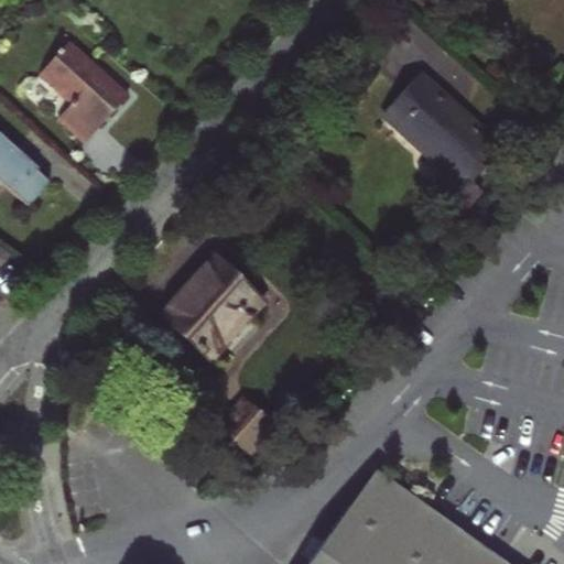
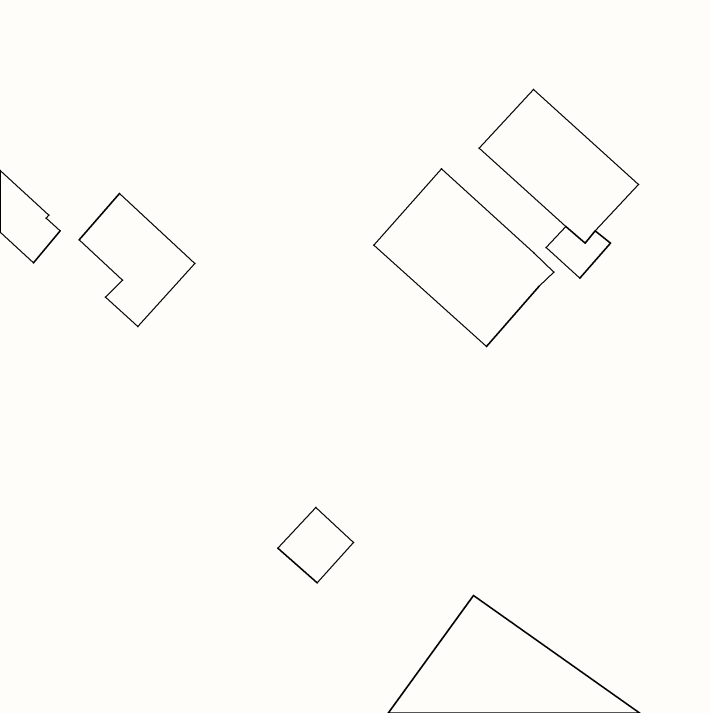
building: [39,40,130,144] -> [79,194,195,326]
building: none -> [374,169,554,347]
building: [159,256,268,366] -> none

